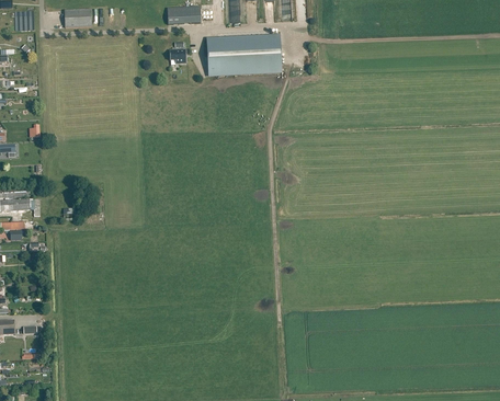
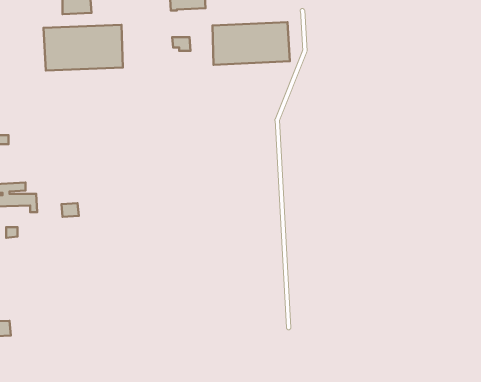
building: none -> [43,25,123,70]

